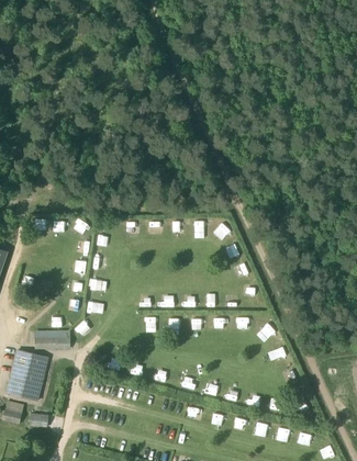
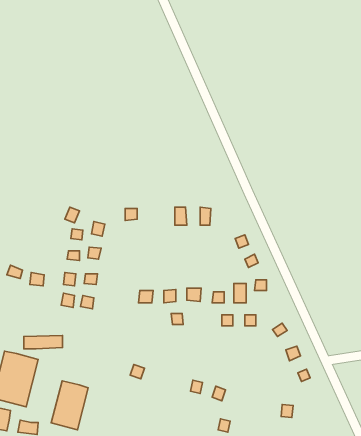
building: none -> [51,381,88,430]

